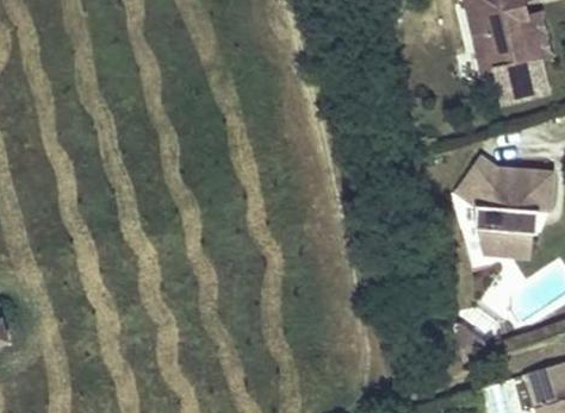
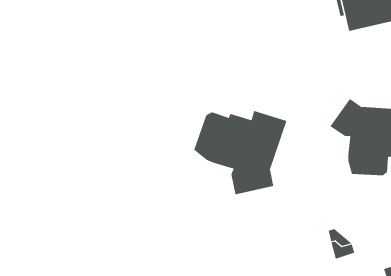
building: none -> [194,110,287,195]

